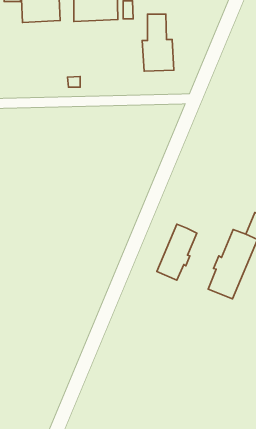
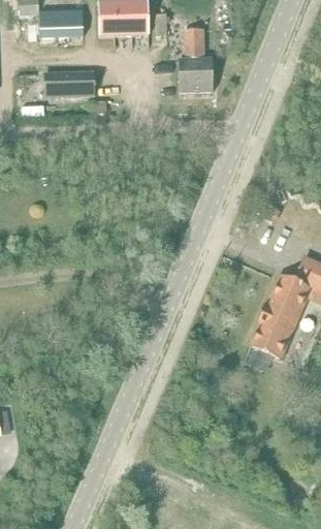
building: none -> [44,70,96,98]
building: [157,224,197,280] -> none

